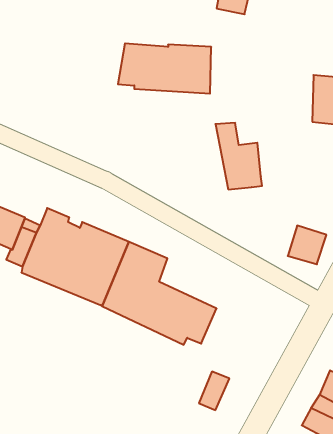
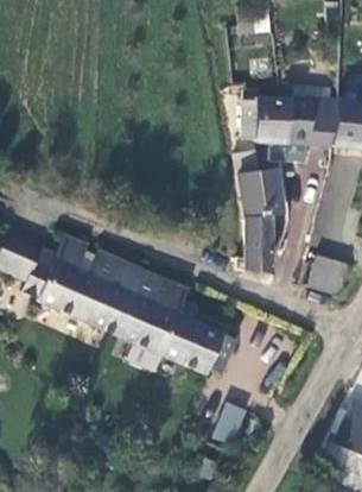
building: [118,43,211,94] -> [240,97,335,149]
building: none -> [247,215,273,275]

